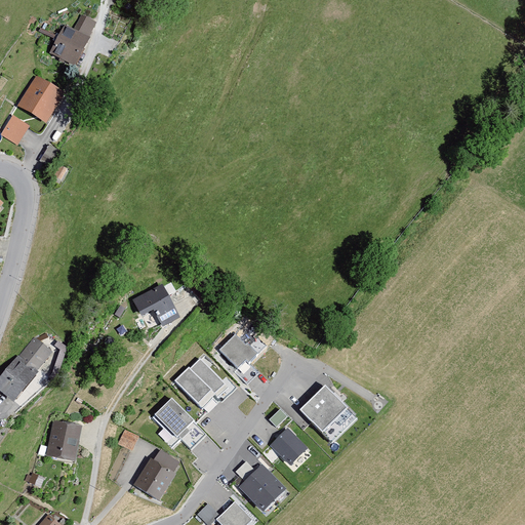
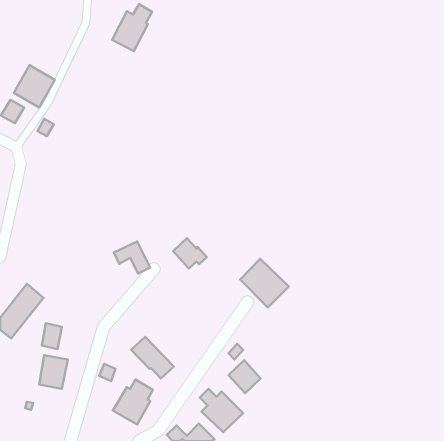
building: [47,16,94,72] -> [112,4,152,51]
building: [218,331,258,367] -> [173,238,207,268]
building: [174,359,225,404] -> none
building: none -> [42,323,62,349]
building: [300,385,358,442] -> [240,259,289,307]

